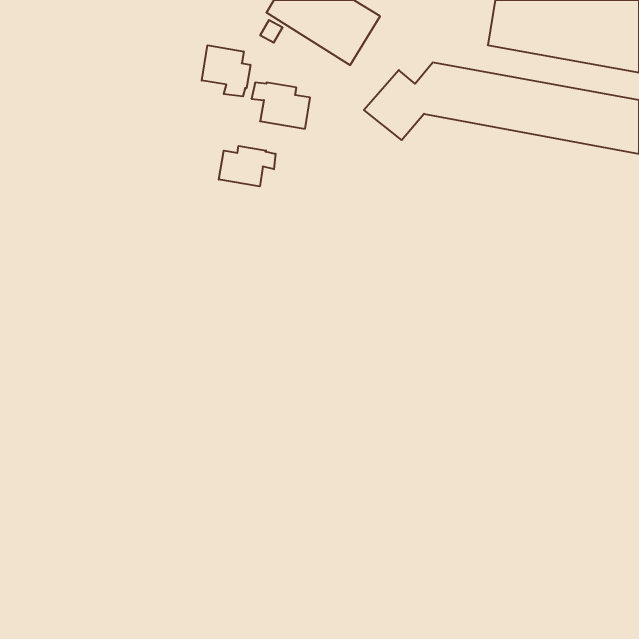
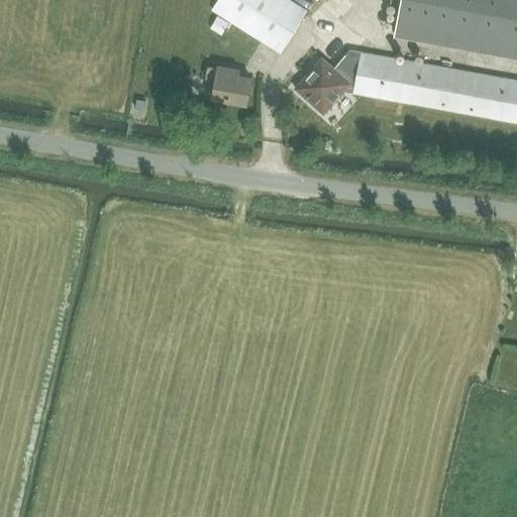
building: [202,45,250,96] -> none
building: [219,146,276,186] -> none

